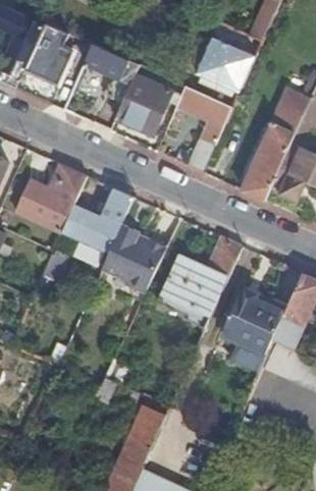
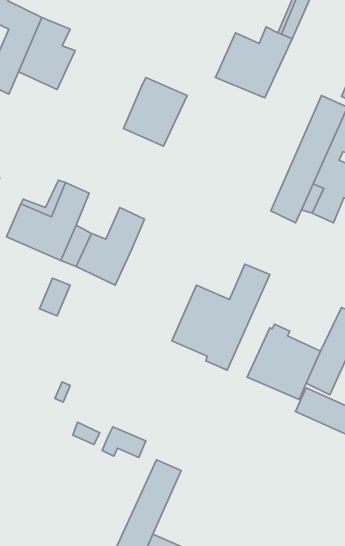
building: [84,44,140,84] -> none
building: [176,86,231,173] -> none
building: [102,224,165,290] -> none

